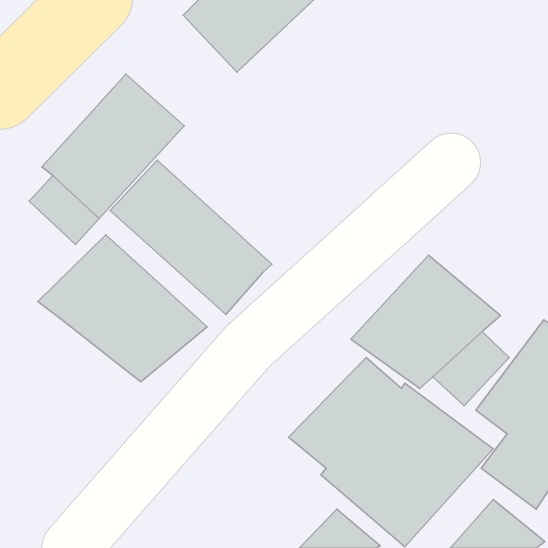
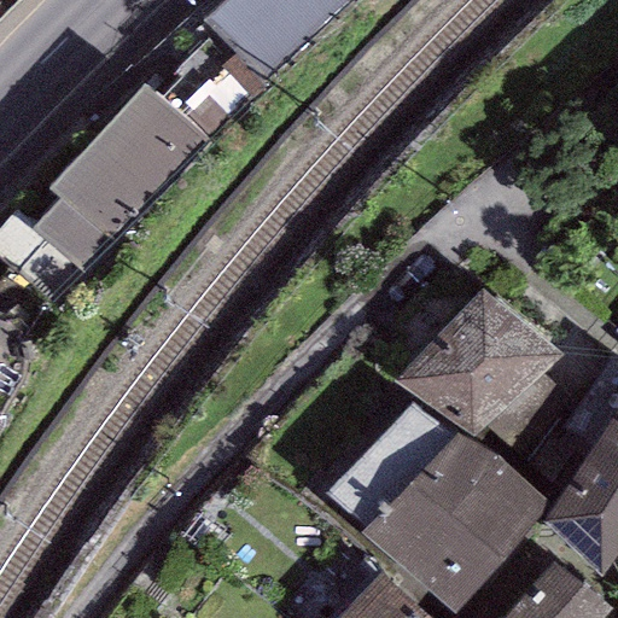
building: [110,160,272,315] -> none
building: [38,235,207,382] -> none

